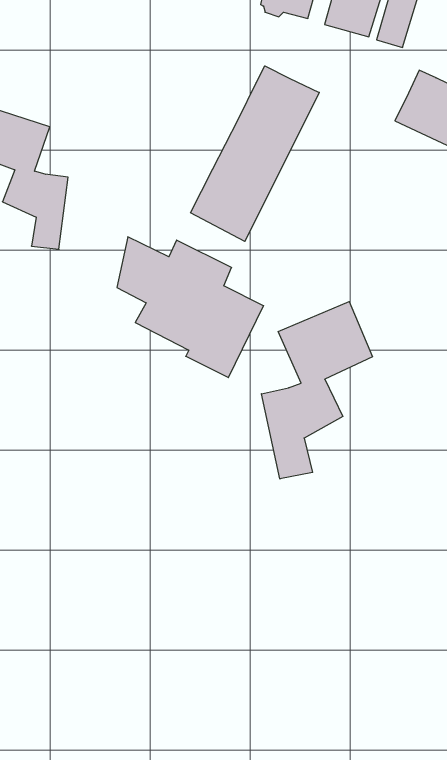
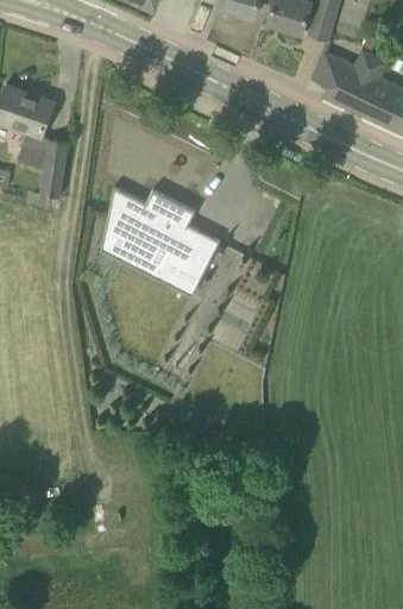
building: [191,66,319,241] -> none
building: [261,302,373,479] -> none

